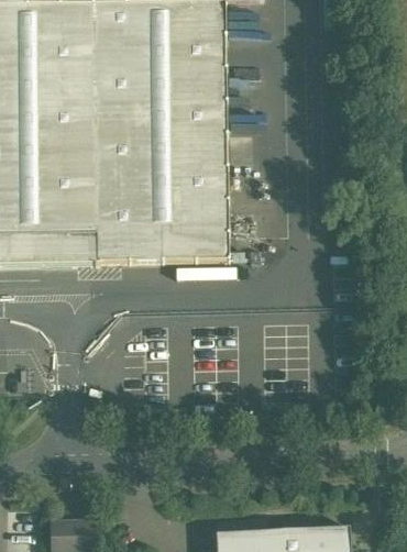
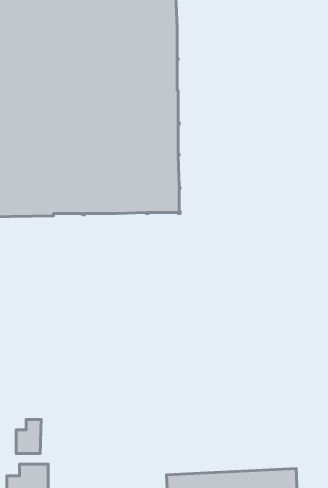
building: none -> [16,419,41,454]

